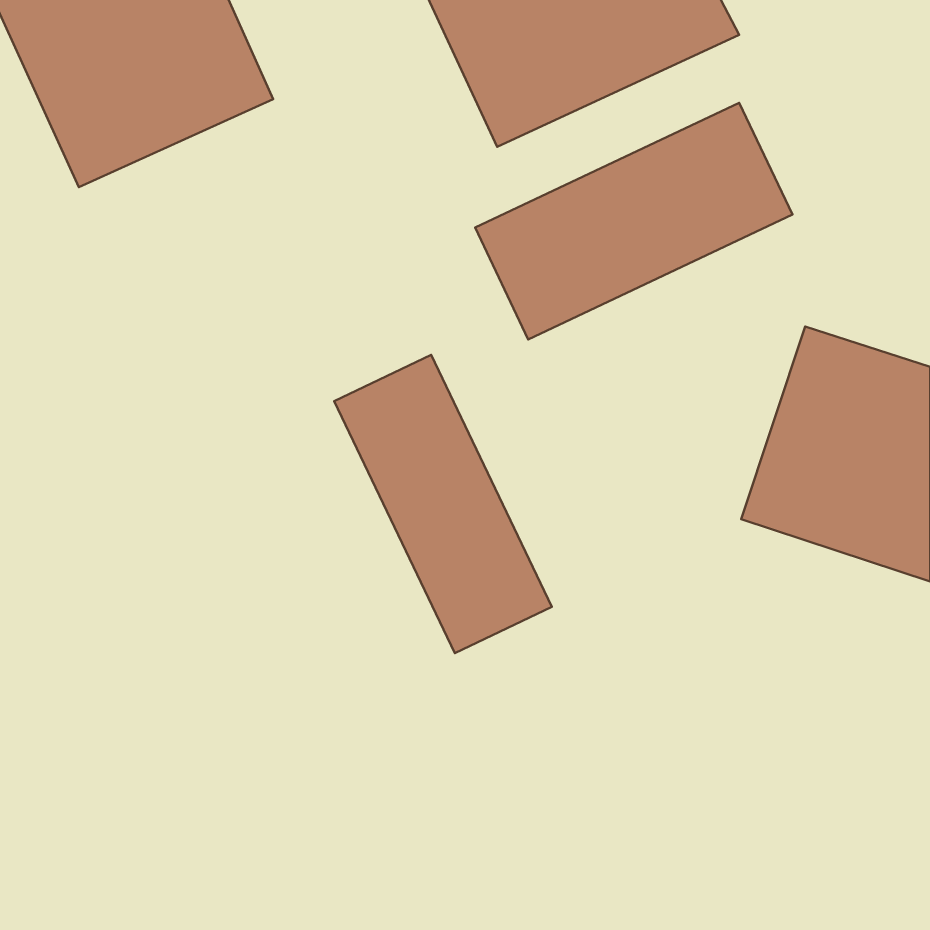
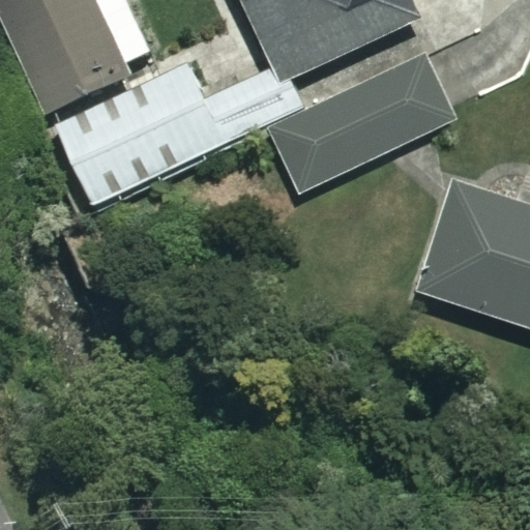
building: none -> [54,63,271,204]
building: [334,355,552,653] -> none

